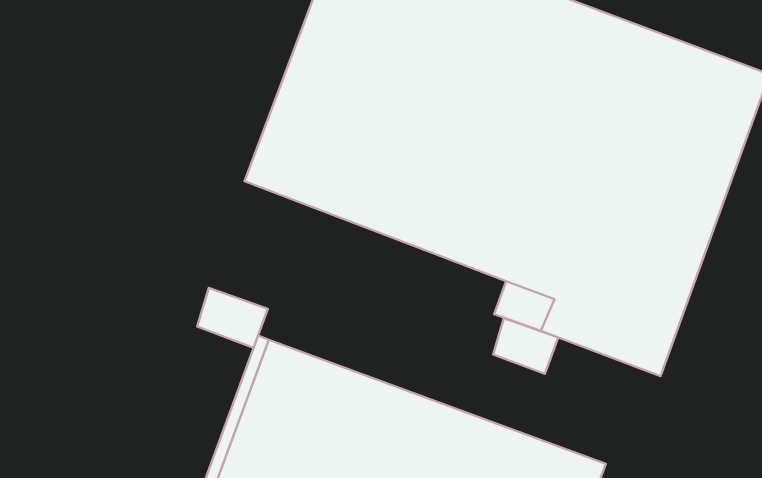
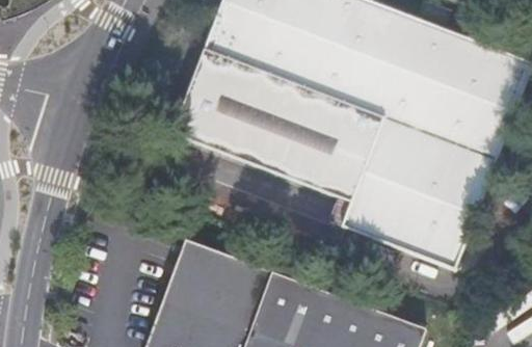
building: [197,288,268,348] -> none
building: [493,318,558,374] -> none

